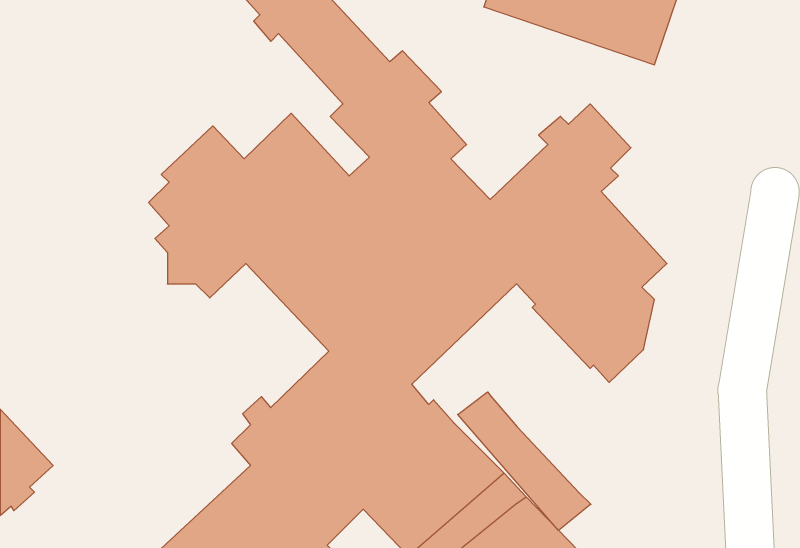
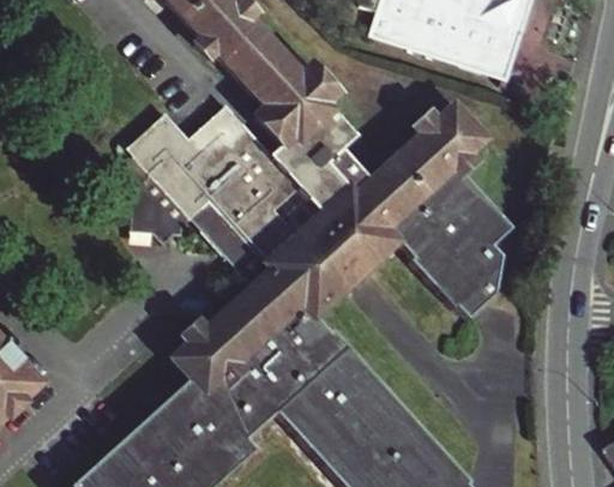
building: [458,392,591,530] -> none

